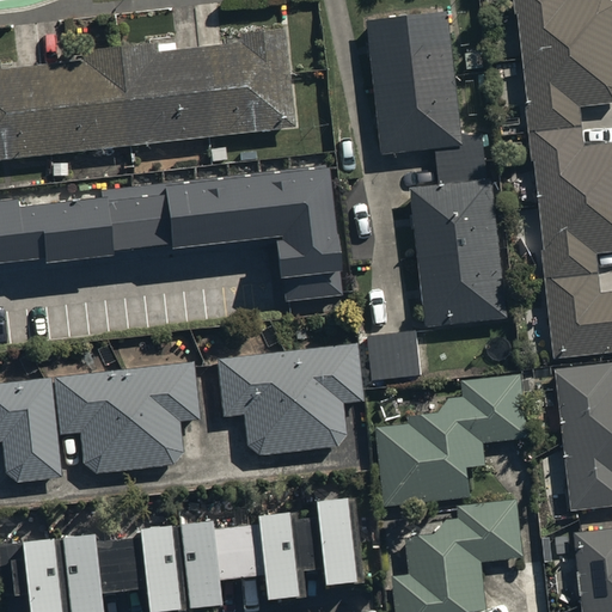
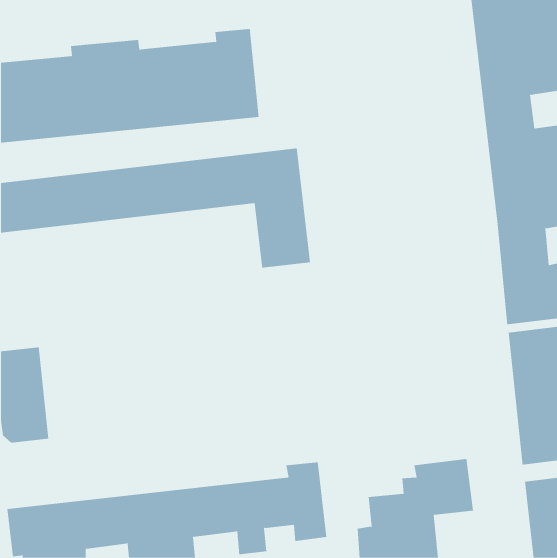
building: [366,13,504,328] -> none
building: [372,329,423,375] -> none
building: [214,344,361,457] -> none
building: [50,367,197,478] -> none
building: [377,377,524,507] -> none

